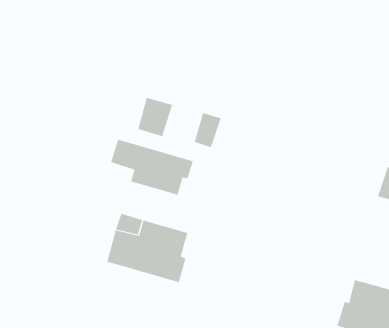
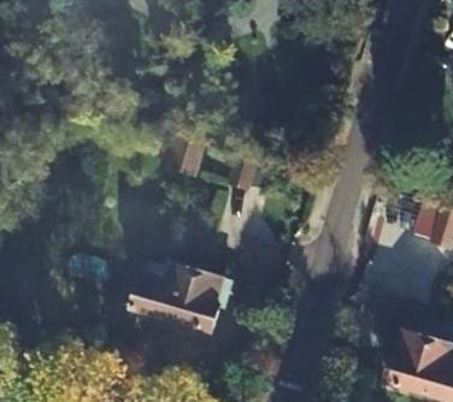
building: [110,139,194,196] -> none

